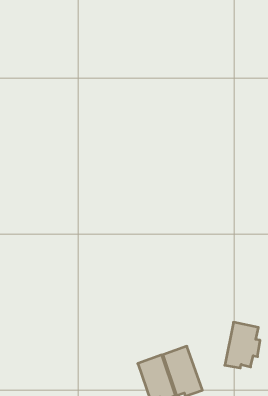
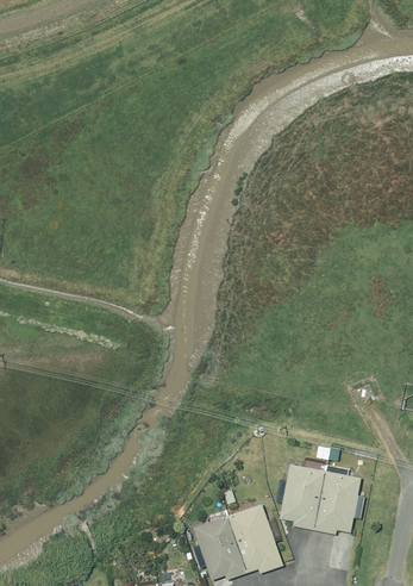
building: none -> [276,463,325,530]

